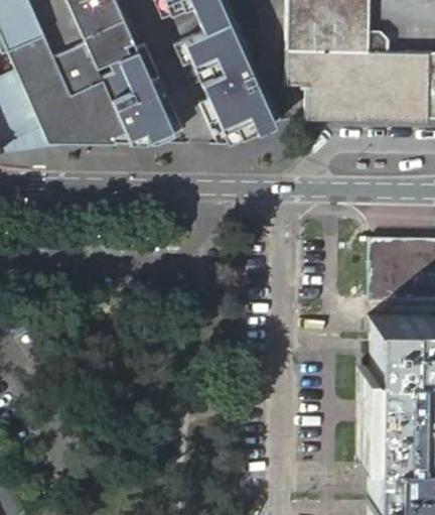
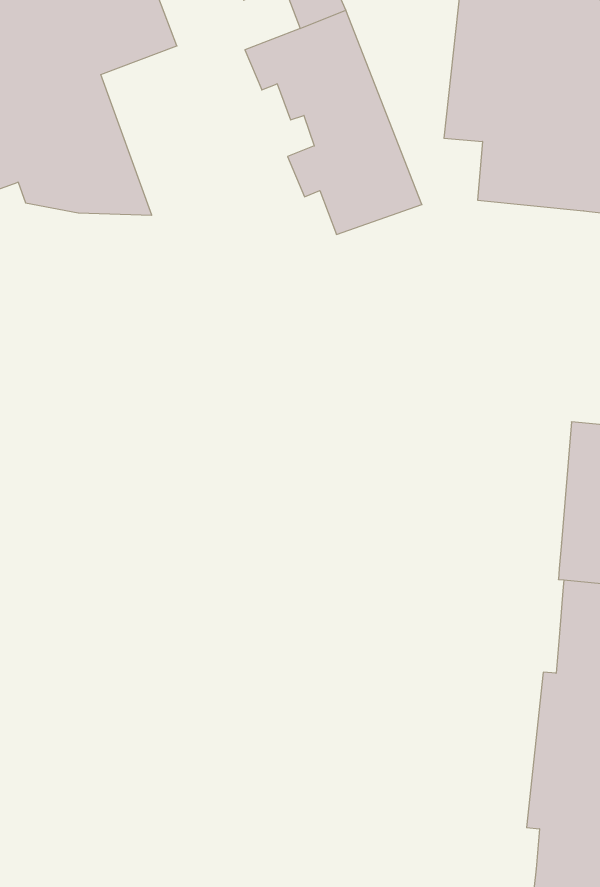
building: [96,46,176,140] -> none

